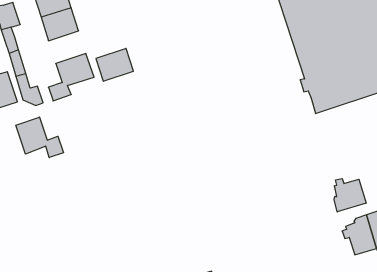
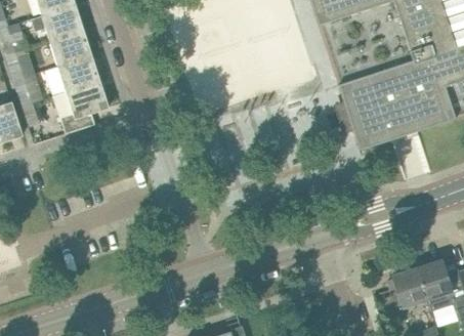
building: [96,48,133,81] -> [58,55,100,92]
building: [16,117,64,158] -> none
building: [334,179,366,212] -> none

